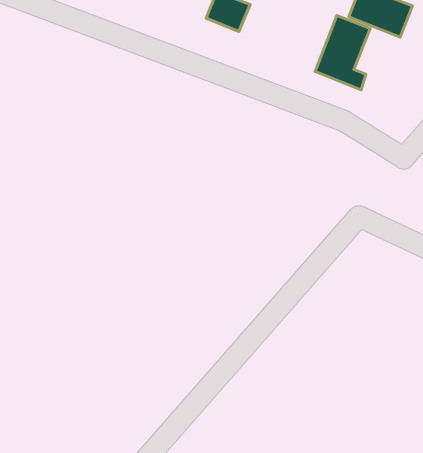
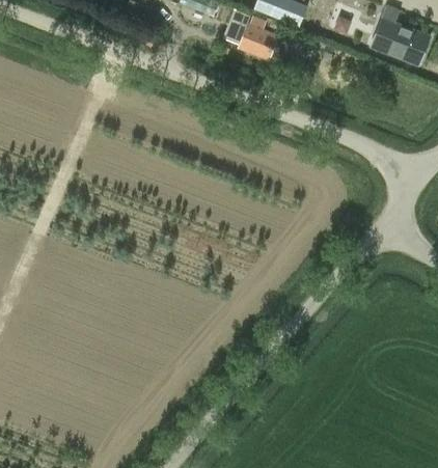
building: [315,15,370,90] -> none

